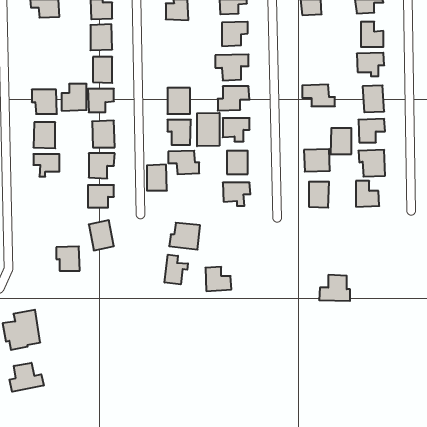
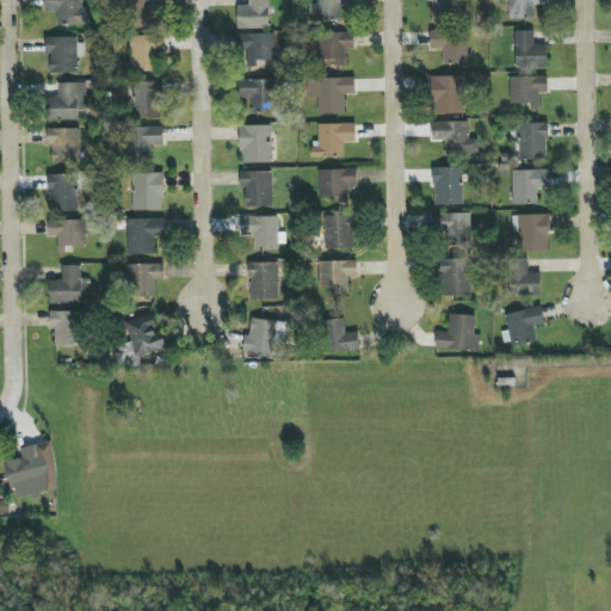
building: none -> [428,29,467,63]
building: none -> [236,32,274,66]
building: none -> [44,36,80,72]
building: none -> [431,75,463,113]
building: none -> [239,79,274,112]
building: [62,84,87,111] -> [47,82,82,121]
building: [197,113,219,146] -> none
building: [330,128,351,154] -> [432,167,462,204]
building: [147,165,167,191] -> [248,261,277,298]
building: none -> [49,265,90,303]
building: none -> [506,307,543,345]
building: [56,246,80,271] -> [49,310,82,345]
building: [165,255,188,284] -> none
building: [205,267,231,291] -> [321,319,358,353]
building: [319,275,350,301] -> [434,314,479,351]
building: [9,363,44,392] -> none

